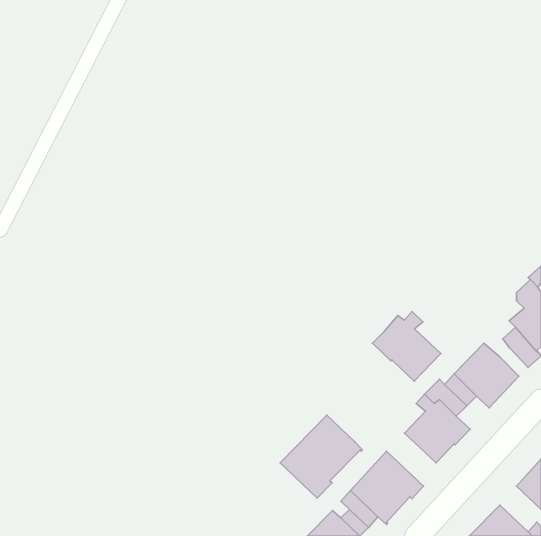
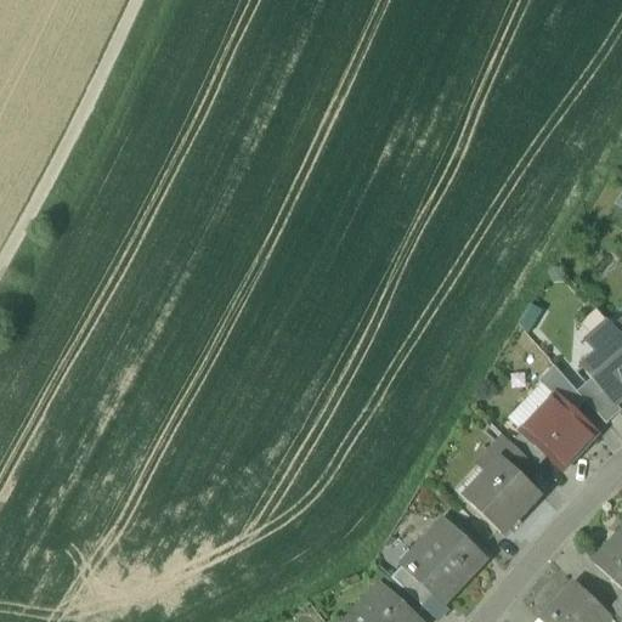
building: [372,311,441,381] -> none
building: none -> [542,366,584,409]
building: [280,415,362,498] -> none

